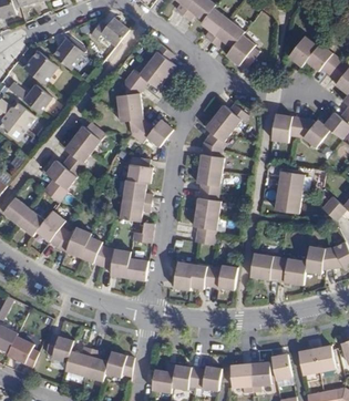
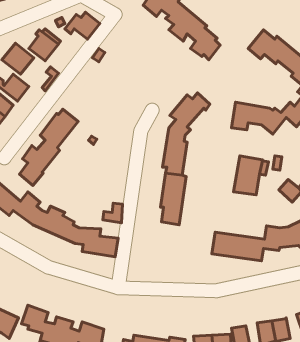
building: [115,44,175,147] -> none
building: [119,156,152,222] -> none
building: [173,263,237,290] -> none

